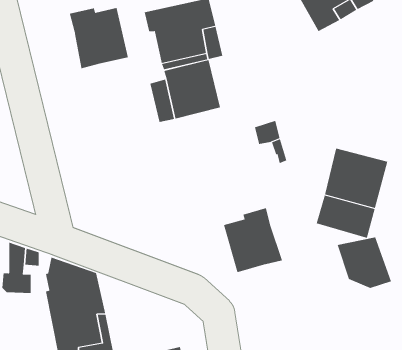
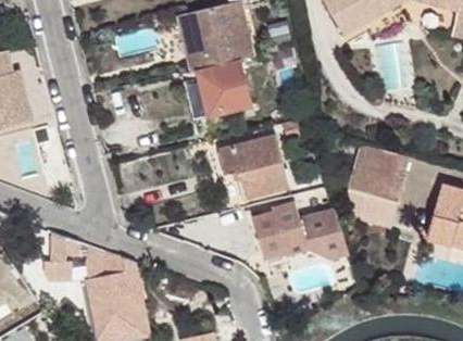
building: [69,7,128,69] -> none
building: none -> [218,136,290,199]
building: [337,237,392,289] -> [299,210,351,258]

